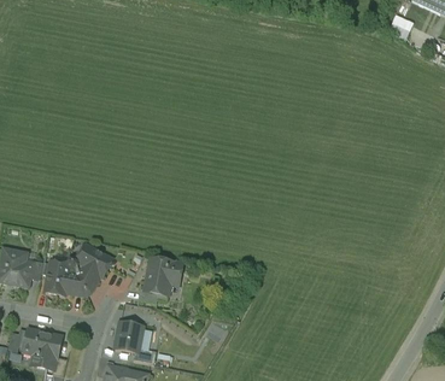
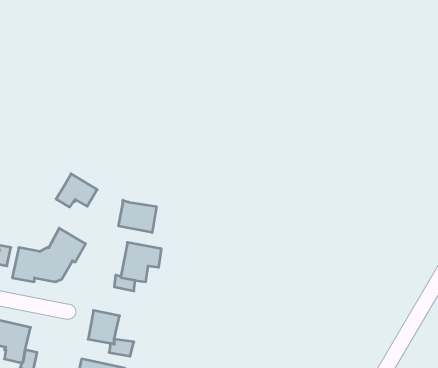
building: none -> [56,174,97,207]
building: none -> [119,200,156,233]

